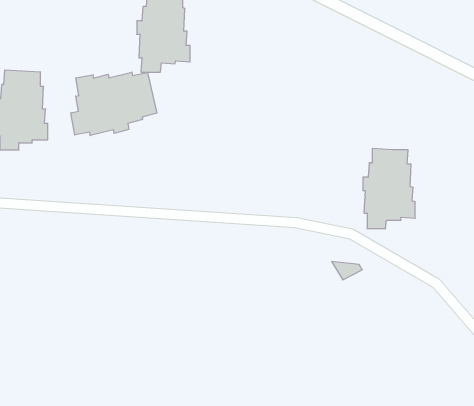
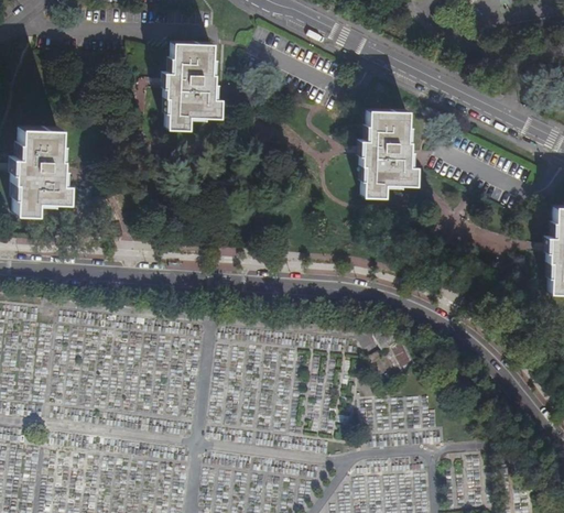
building: [71,72,157,136] -> none
building: [363,149,415,229] -> [361,112,417,198]

